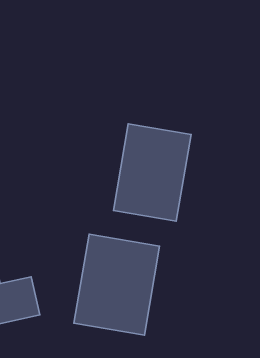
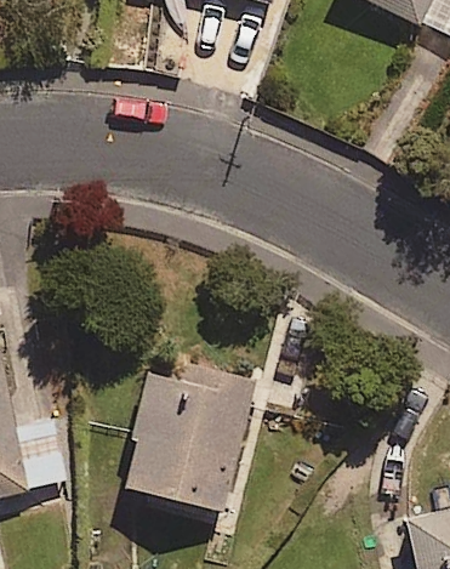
building: [113,124,191,221] -> none

